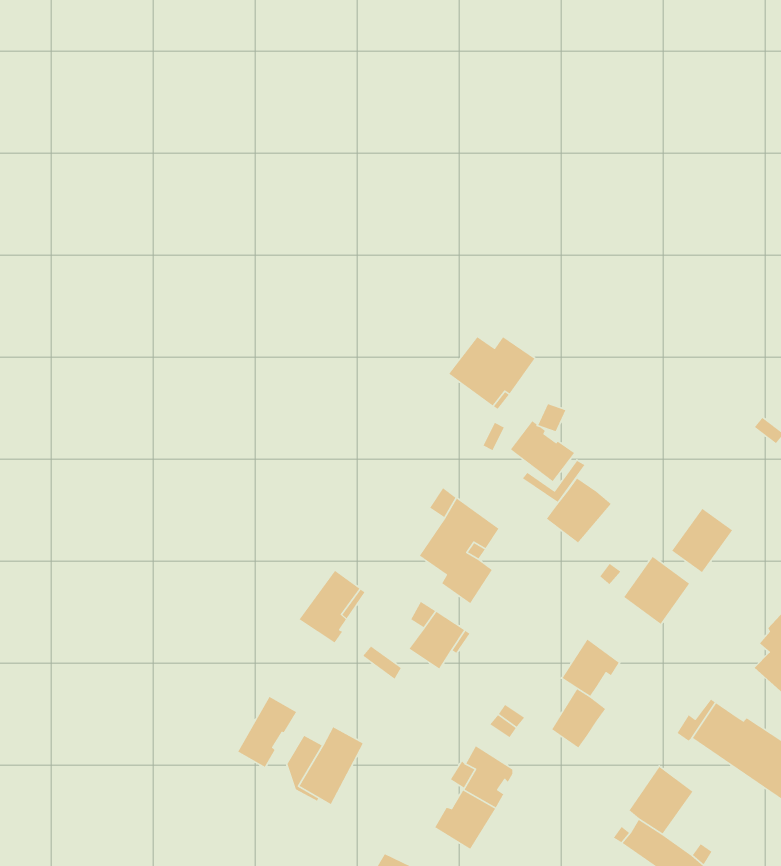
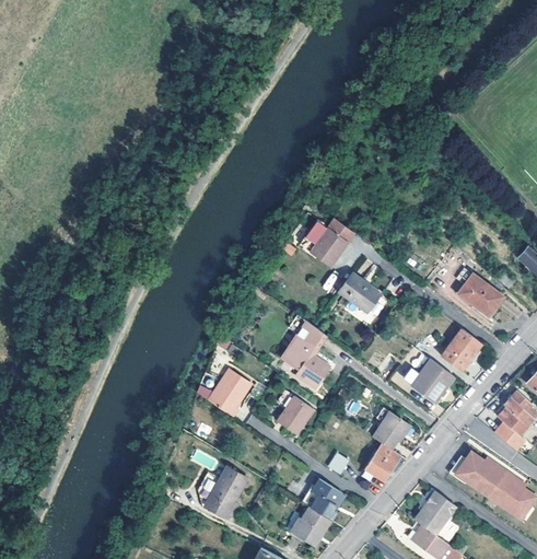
building: none -> [458,275,503,316]
building: [546,478,612,544] -> none
building: [237,696,297,768] -> none

